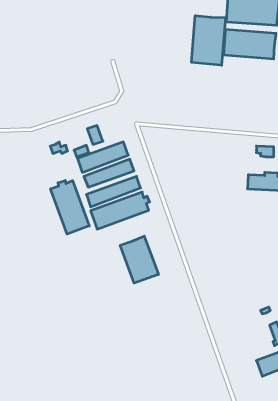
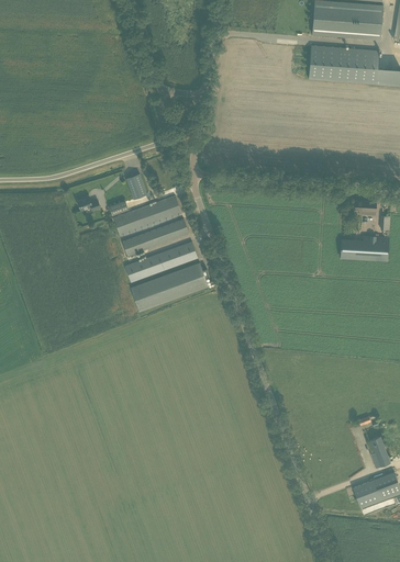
building: [192,16,225,65] -> none
building: [51,180,89,234] -> none
building: [120,236,158,283] -> none

